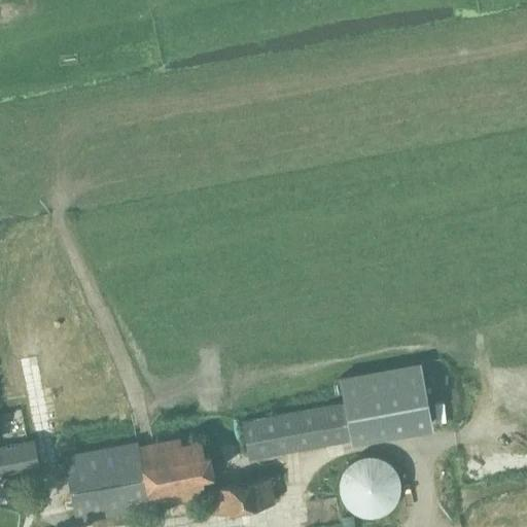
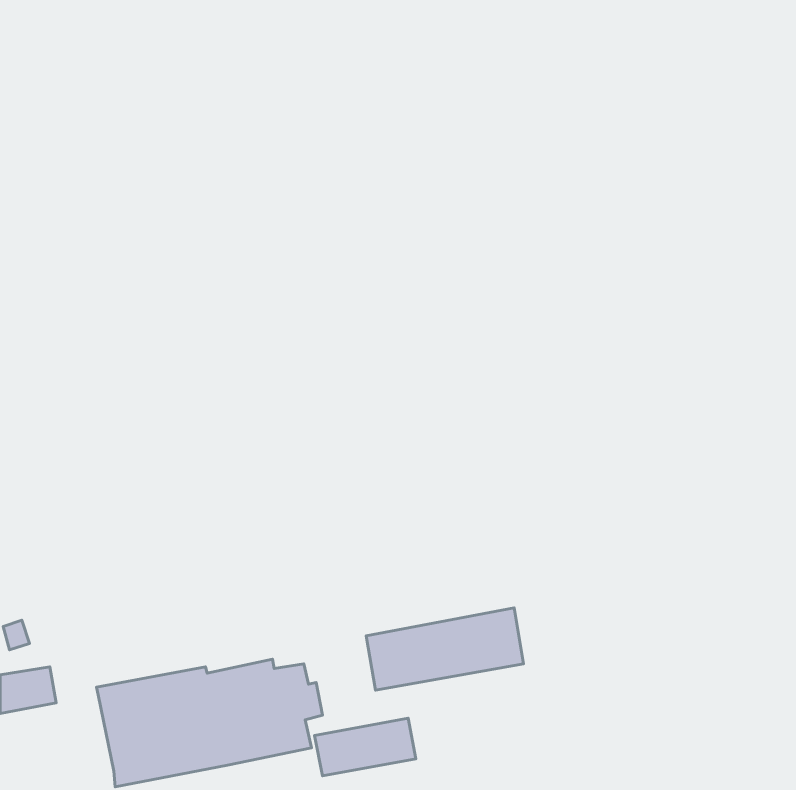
building: [344,359,434,441] -> none
building: [338,456,399,518] -> none

